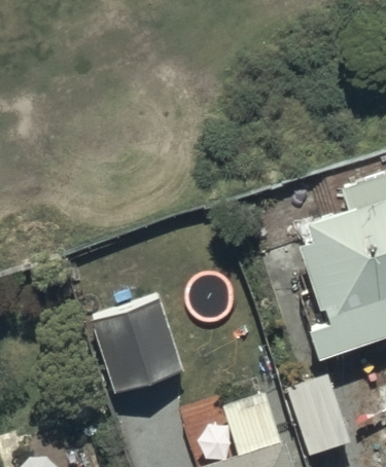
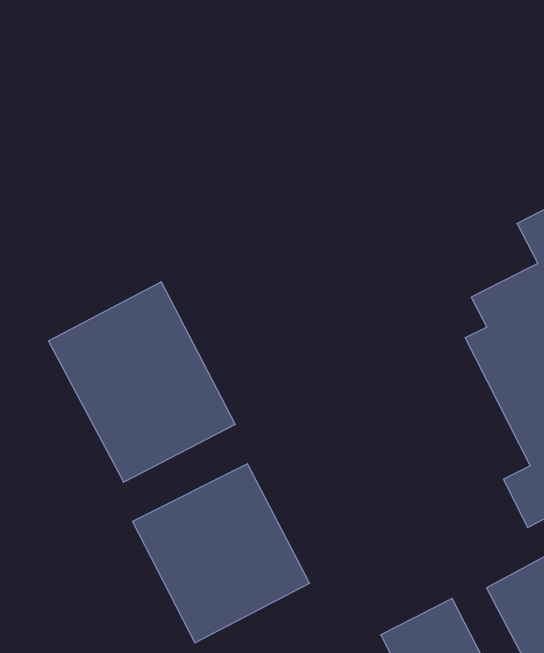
building: none -> [48,282,235,482]

